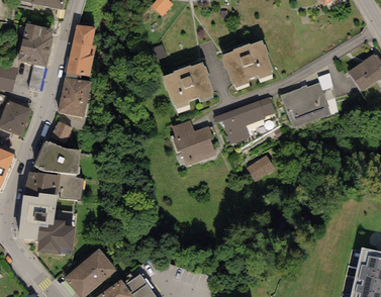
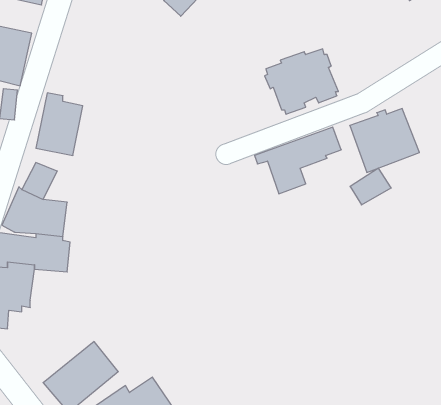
building: [66,24,96,76] -> none
building: [162,62,213,108] -> none
building: [171,119,216,166] -> none
building: [247,155,276,181] -> [350,168,391,205]
building: [37,219,75,255] -> none

